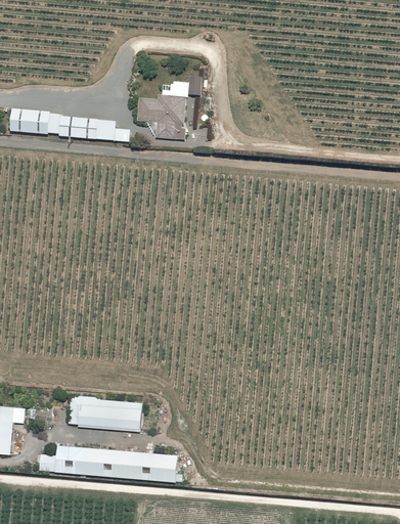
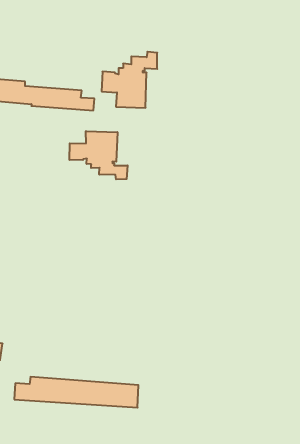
building: none -> [70,131,128,179]
building: [68,395,142,434] -> none

